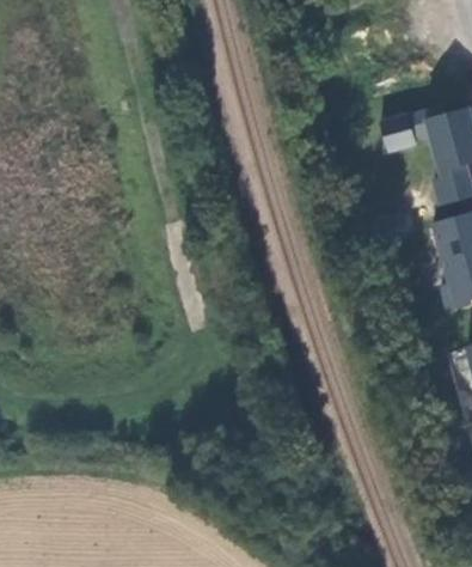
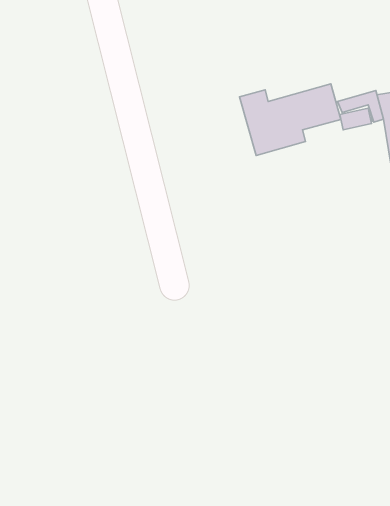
building: none -> [239,84,341,155]

